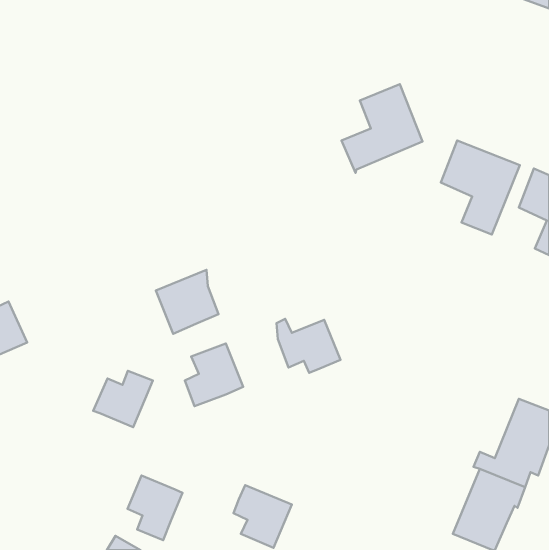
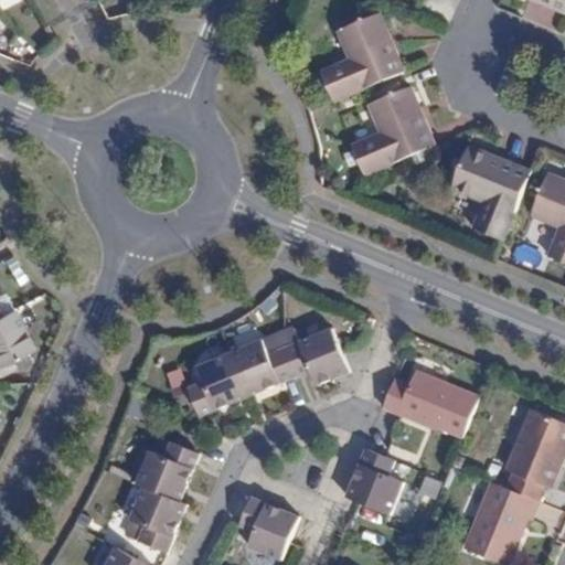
building: none -> [319,11,402,102]
building: [156,270,219,334] -> [231,330,295,395]
building: none -> [382,369,478,434]
building: [93,371,153,427] -> [138,443,199,500]
building: none -> [345,448,398,512]

